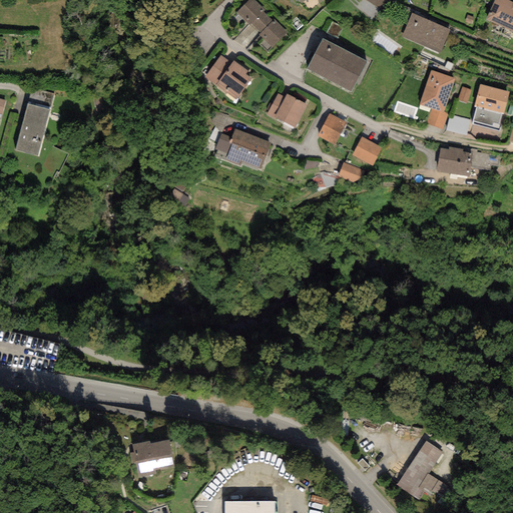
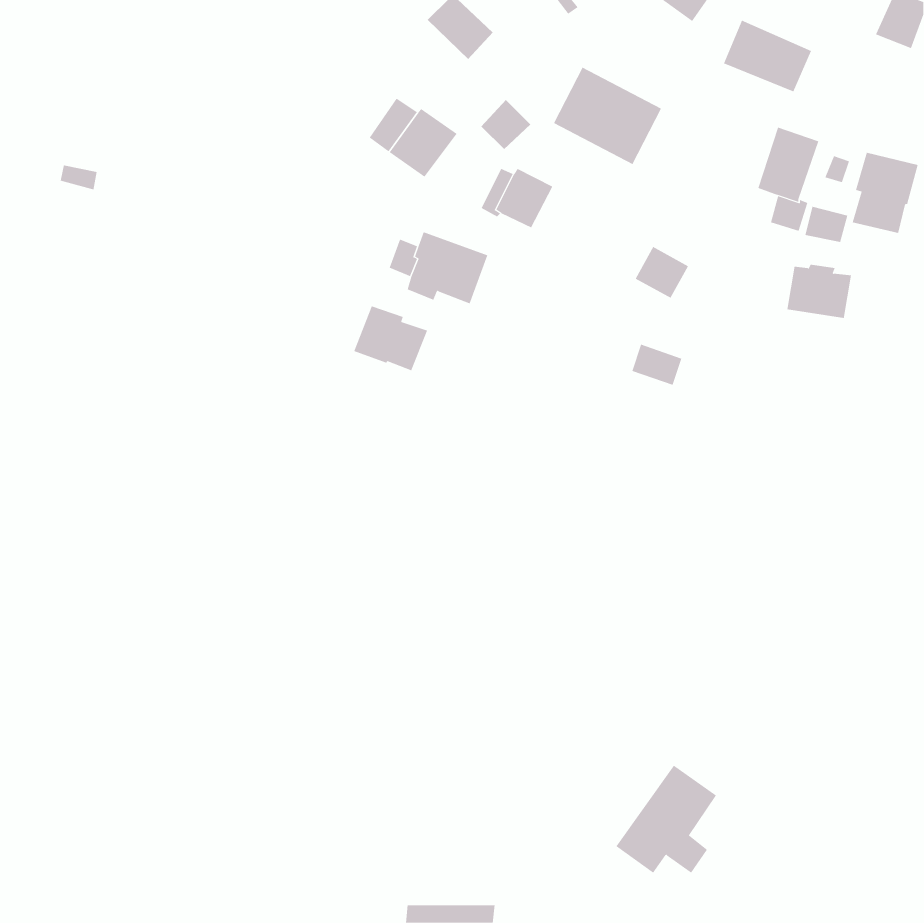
building: [260,18,288,46] -> [481,99,531,150]
building: [15,103,49,154] -> none
building: [317,112,347,144] -> none
building: [338,161,366,184] -> [632,344,682,386]
building: none -> [353,305,428,371]
building: [132,440,174,476] -> none
building: [390,440,446,500] -> [616,765,717,873]

